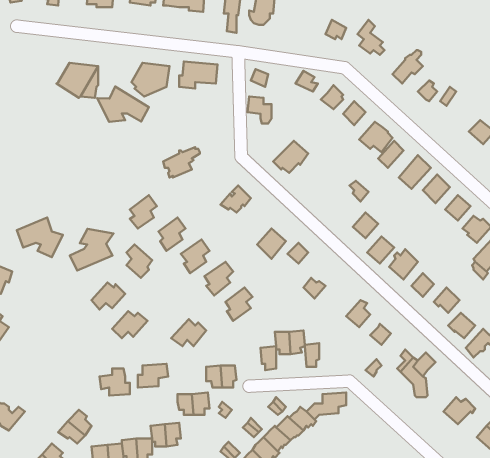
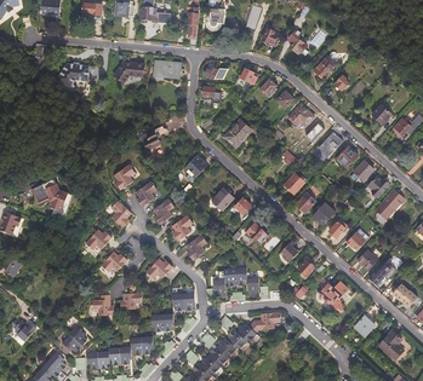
building: [97,87,149,122] -> none
building: [70,229,113,270] -> none

